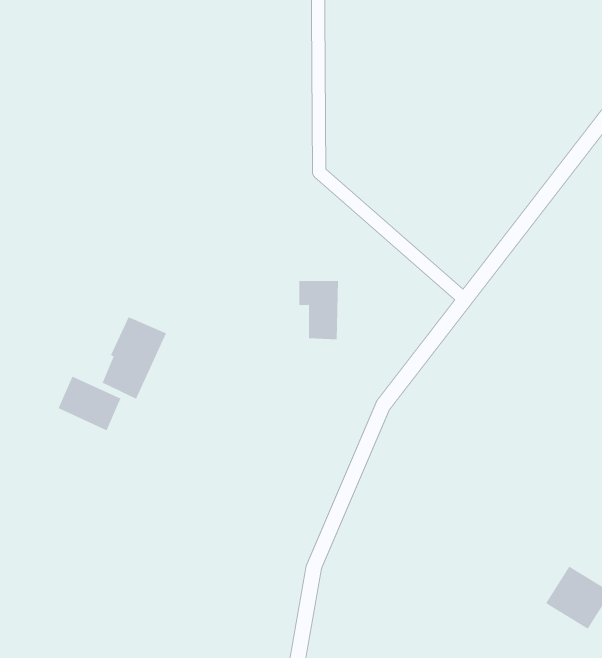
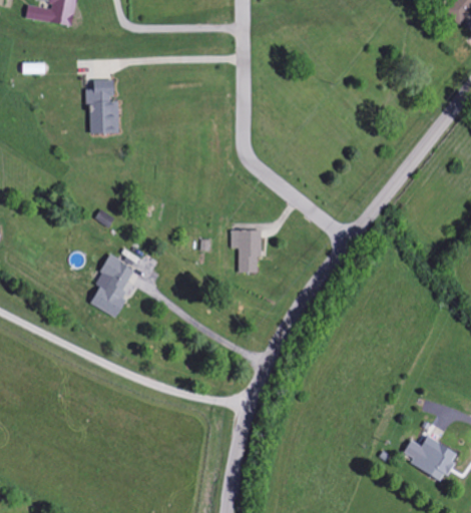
building: none -> [85,79,118,133]
building: [58,376,121,431] -> none

